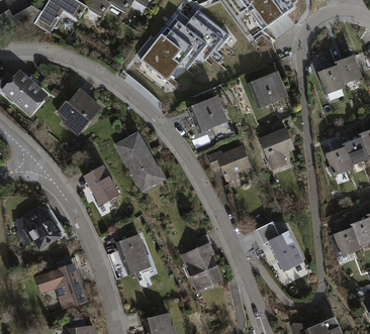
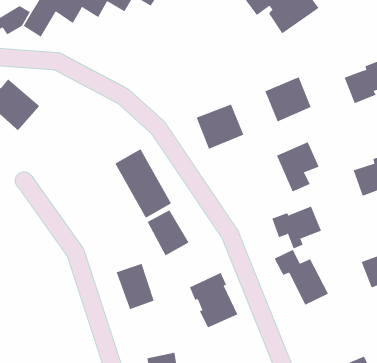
building: [141,11,230,82] -> none
building: [56,91,101,137] -> none
building: [206,143,251,182] -> [272,206,322,249]
building: [83,166,120,208] -> [147,209,189,256]
building: [21,205,62,249] -> none
building: [34,261,89,309] -> none

